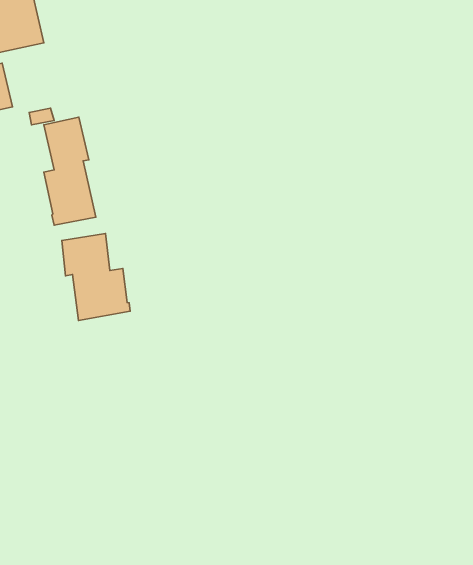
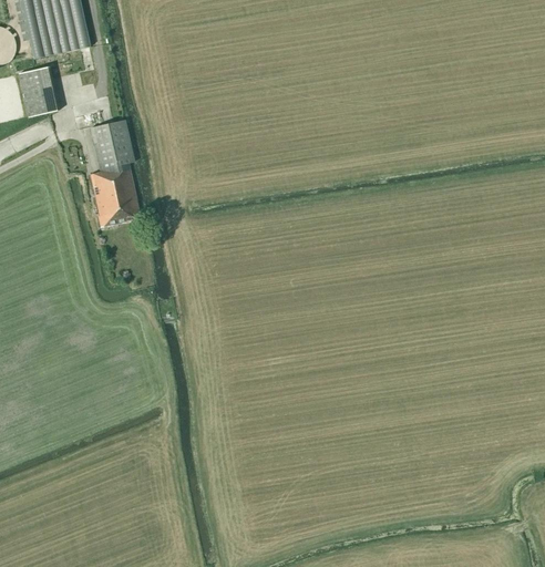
building: [62,234,130,321] -> none

